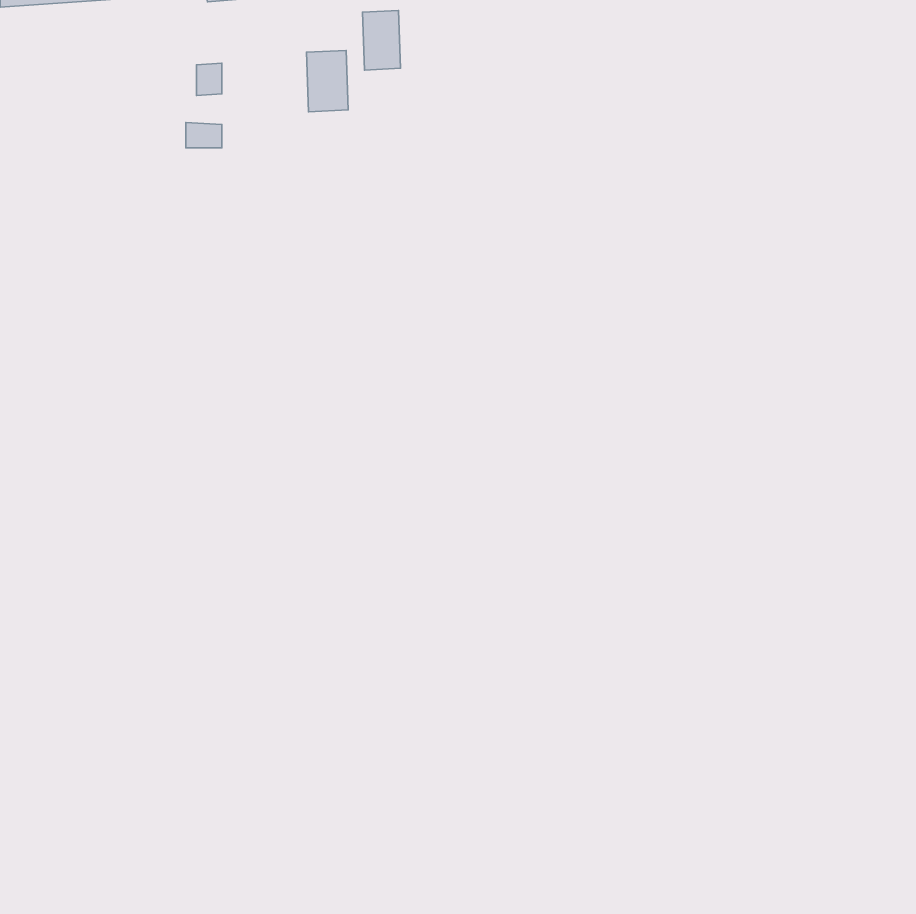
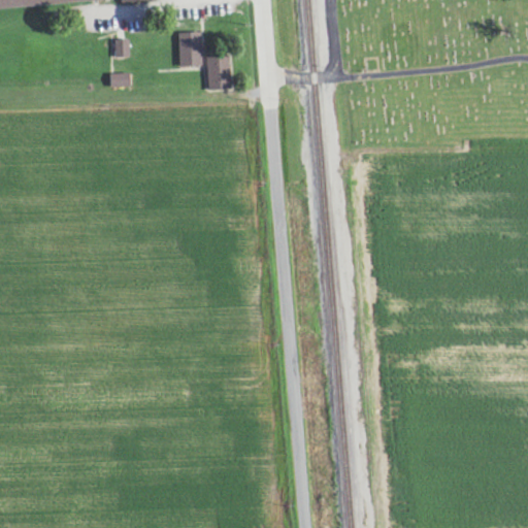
building: [363,11,400,70] -> [207,54,229,88]

